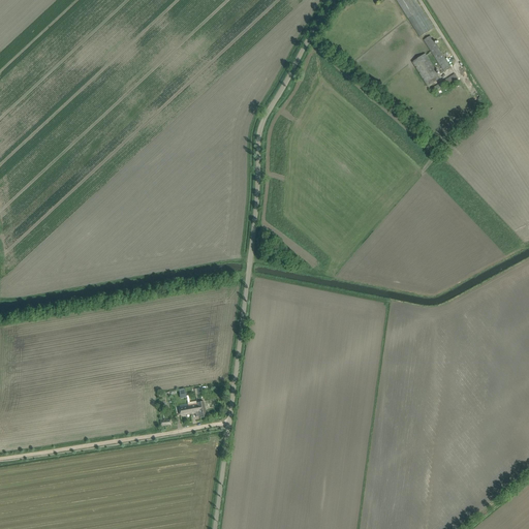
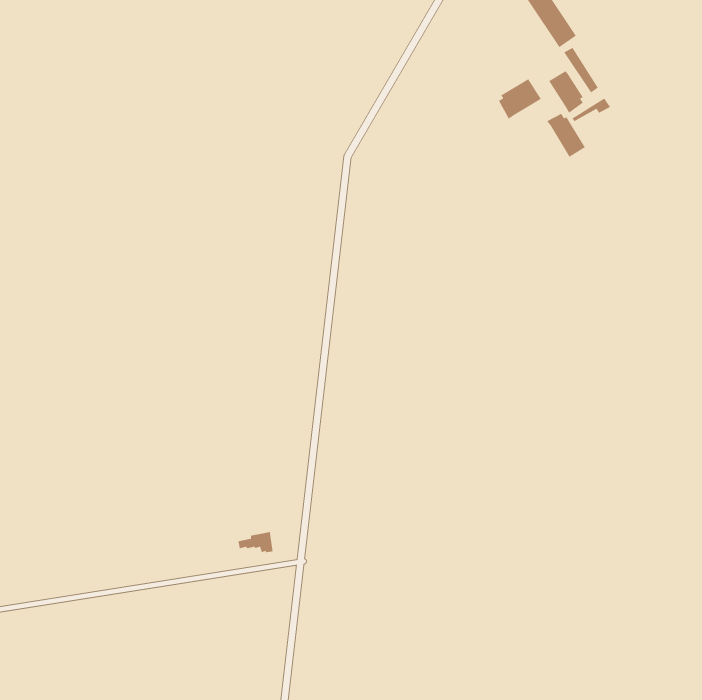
building: none -> [498,78,542,120]
building: none -> [546,113,586,158]

